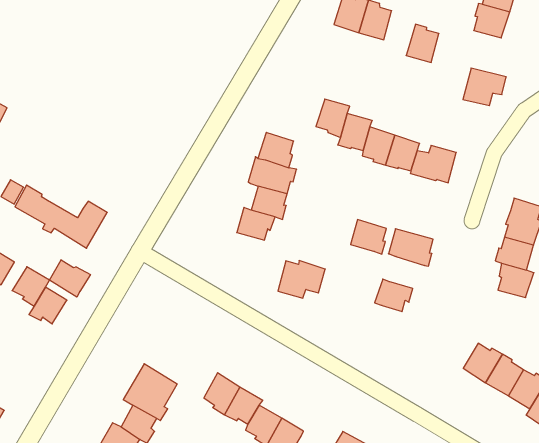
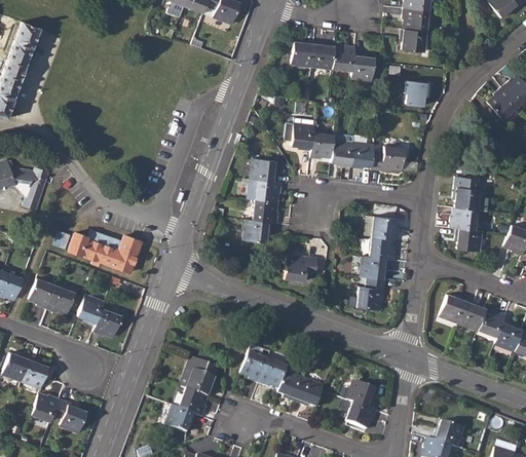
building: none -> [333,44,356,71]
building: [351,220,386,254] -> [370,236,397,260]
building: [49,260,90,297] -> none
building: none -> [358,276,387,309]

